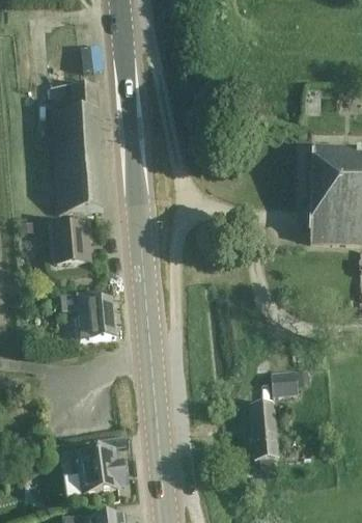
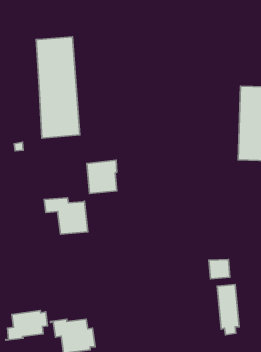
building: [52,220,90,263] -> [87,160,117,193]
building: [251,402,279,466] -> [217,285,239,335]
building: none -> [6,311,48,340]

